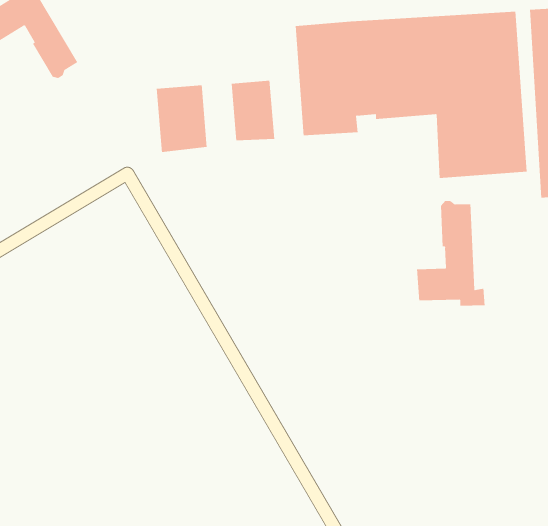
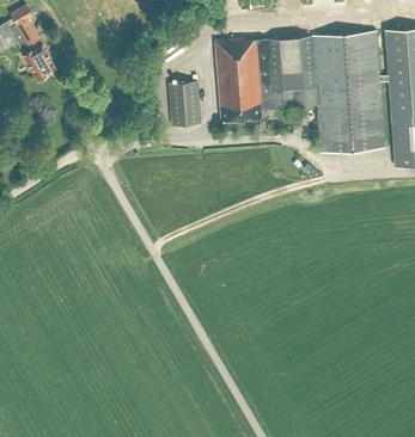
building: [156,84,207,153] -> none
building: [416,200,485,307] -> none

